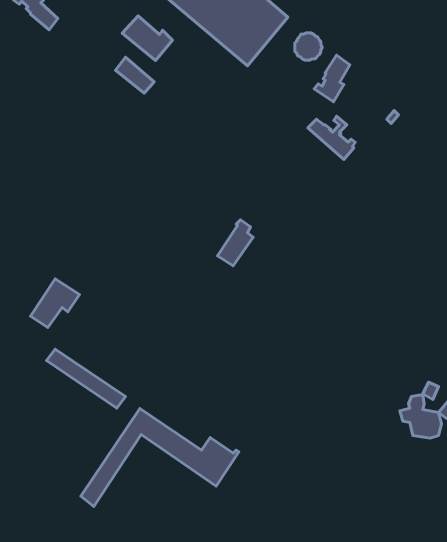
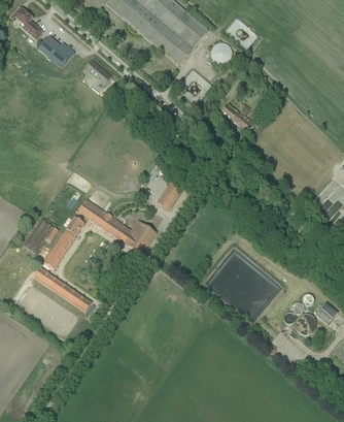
building: [122,16,173,60] -> [37,35,73,67]
building: [314,55,350,102] -> none
building: [81,409,239,506] -> [44,199,158,269]

